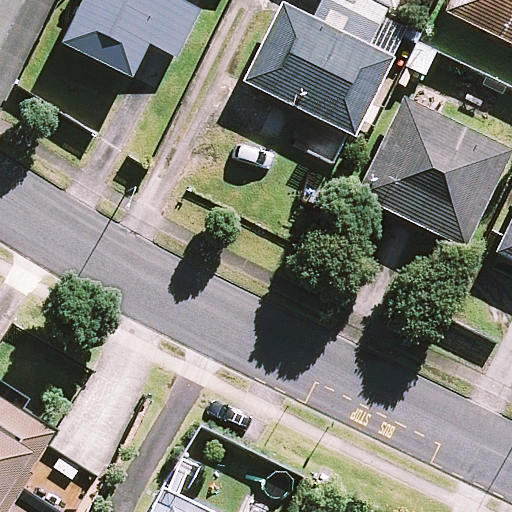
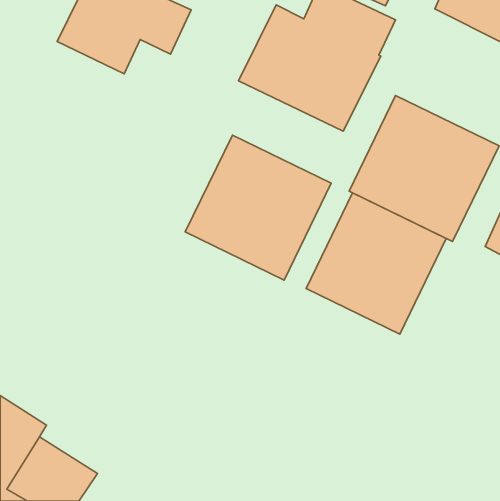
building: none -> [185,135,331,280]
building: none -> [306,193,446,334]

